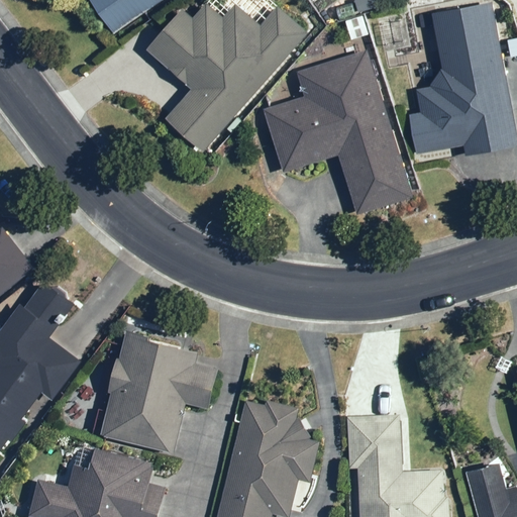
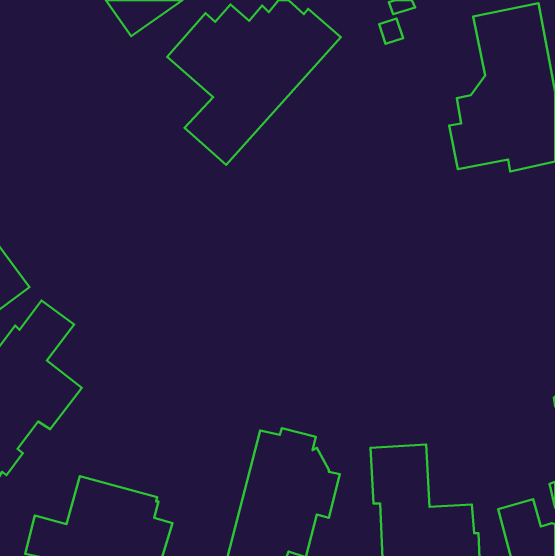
building: [271,42,421,219] -> none
building: [95,329,211,450] -> none

